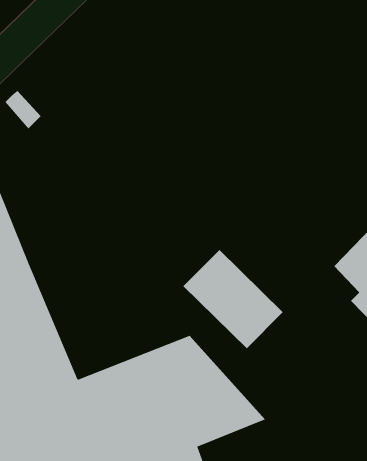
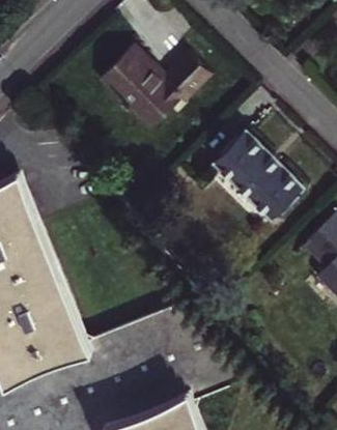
building: none -> [101,47,214,128]
building: [183,249,283,349] -> [216,133,304,220]

